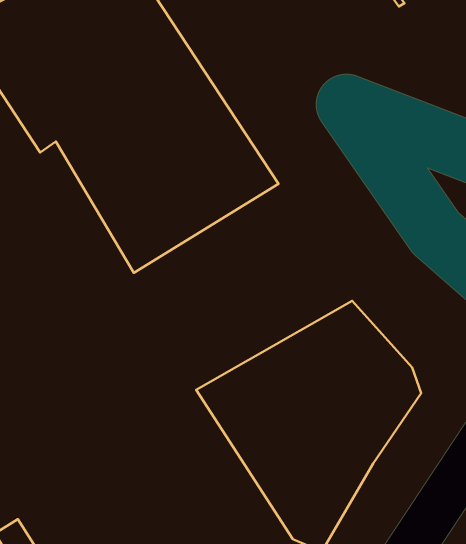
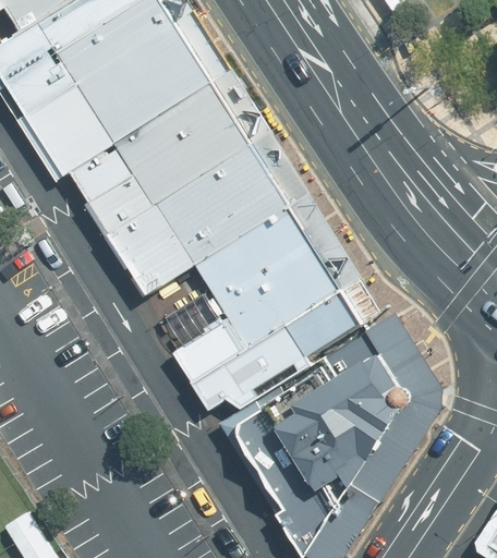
building: none -> [170,202,359,403]

